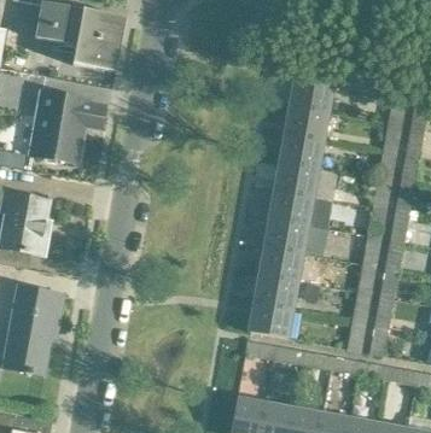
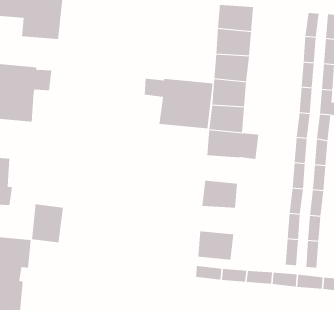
building: none -> [144,78,213,129]
building: [264,216,307,251] -> none
building: none -> [31,204,64,243]
building: [254,273,297,308] -> none

